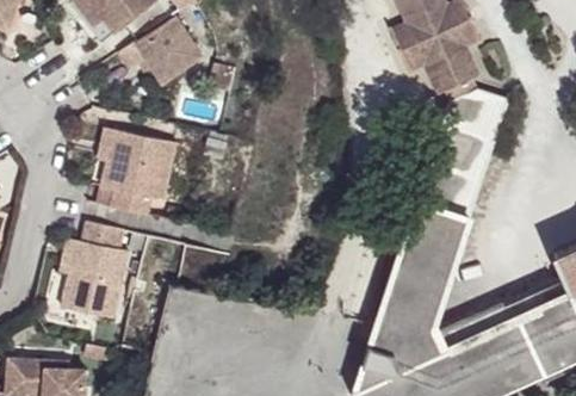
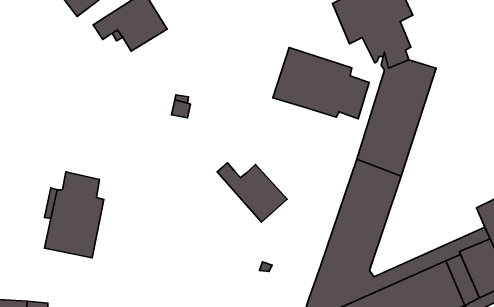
building: none -> [273,47,369,119]
building: [104,126,179,212] -> none
building: none -> [217,163,287,222]

